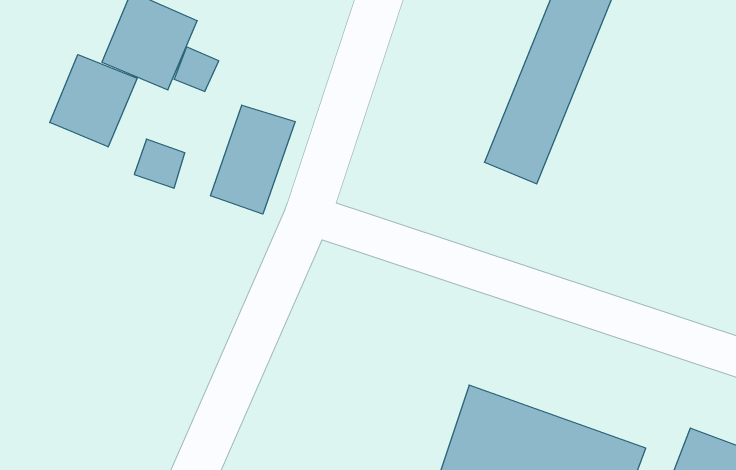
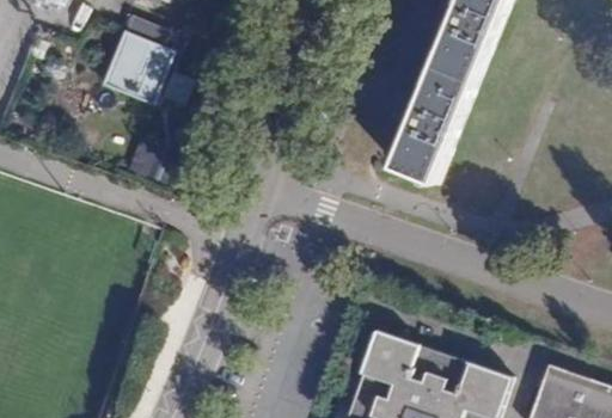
building: [50,55,137,147] -> none
building: [211,105,295,214] -> none

